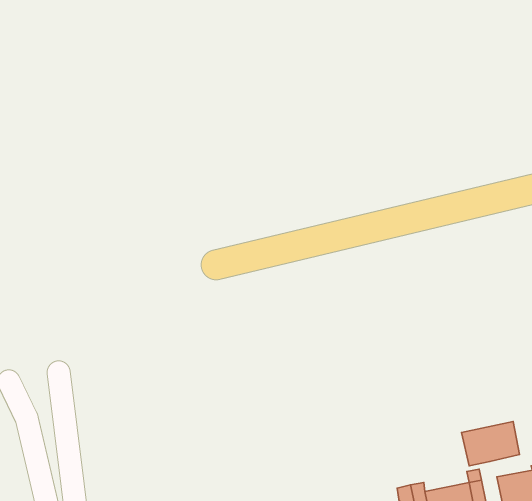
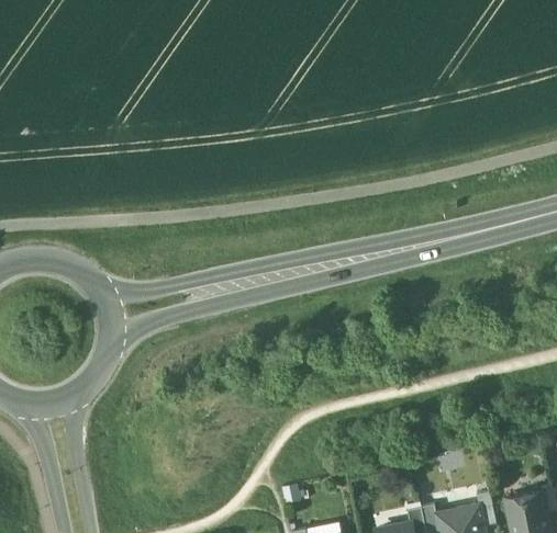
building: [462,422,520,466] -> none

